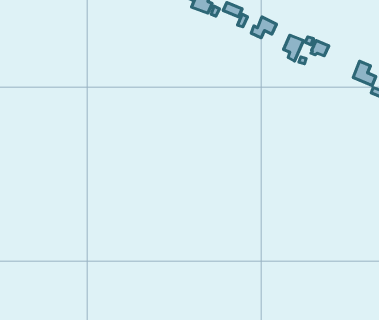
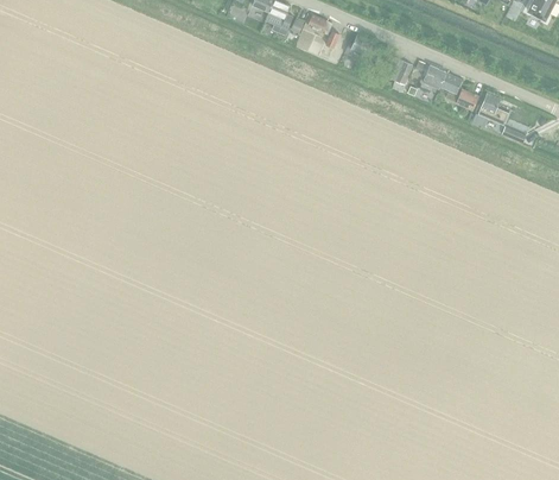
building: none -> [439,70,477,107]

